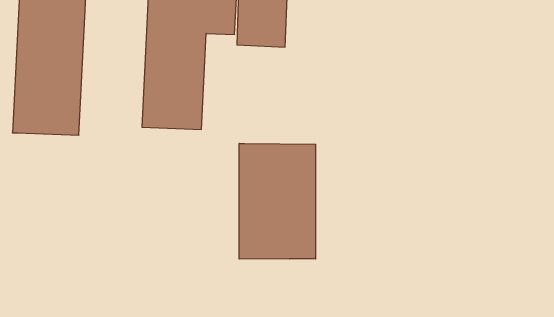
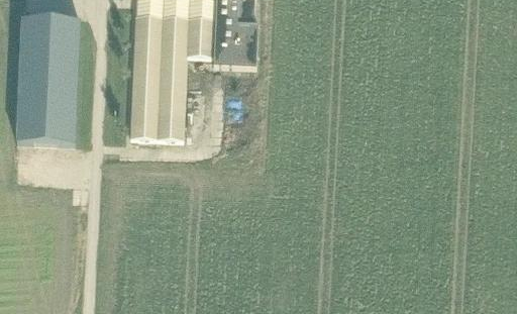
building: [239,143,316,259] -> none

